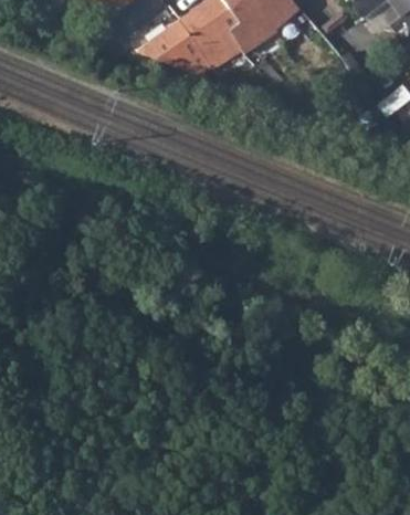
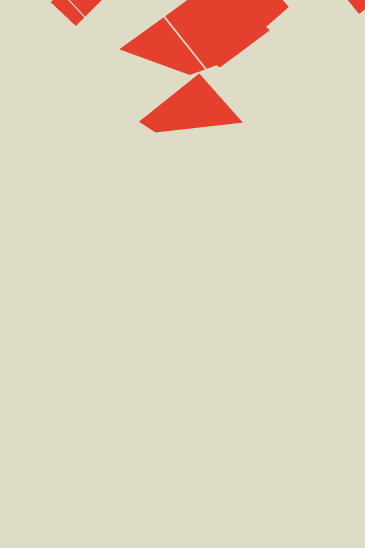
building: none -> [138,72,244,133]

